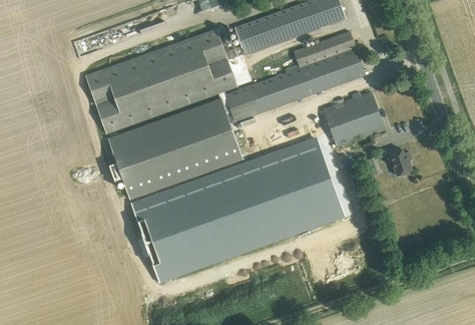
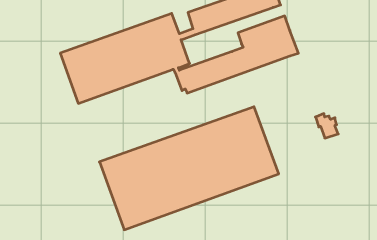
building: [312,92,385,151] -> none
building: [108,98,243,200] -> none

